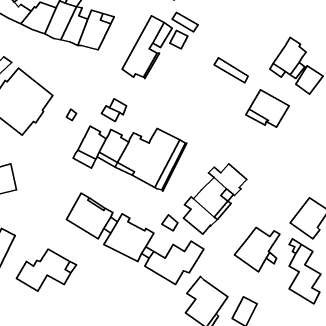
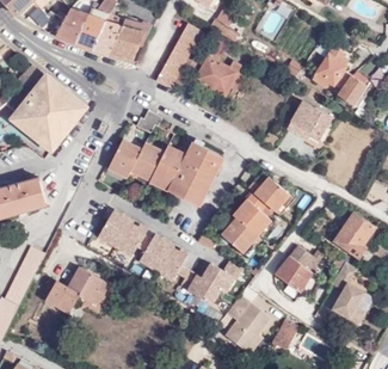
building: none -> [191,55,244,94]

